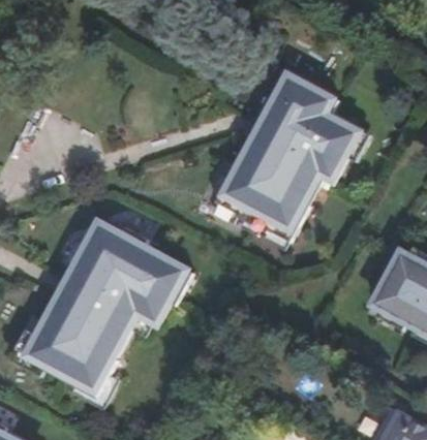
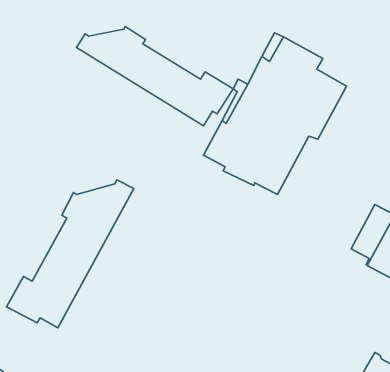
building: none -> [76,26,233,126]
building: [62,232,192,406] -> none

